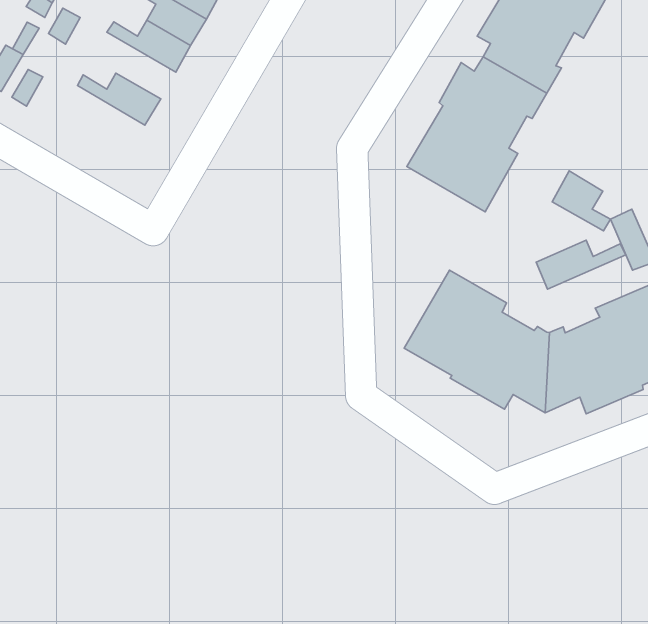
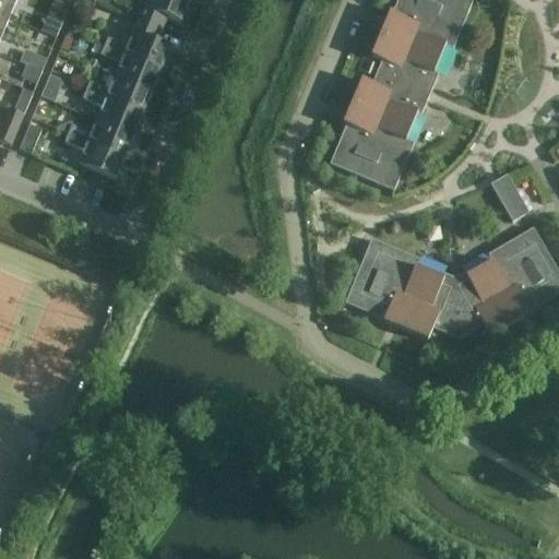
building: none -> [82,87,142,133]
building: none -> [63,131,123,177]
building: [552,171,611,231] -> none
building: [536,240,626,289] -> none

